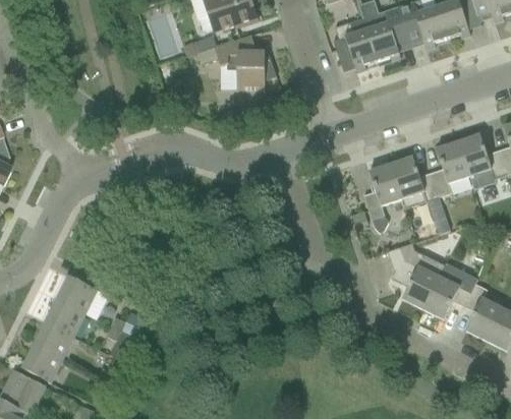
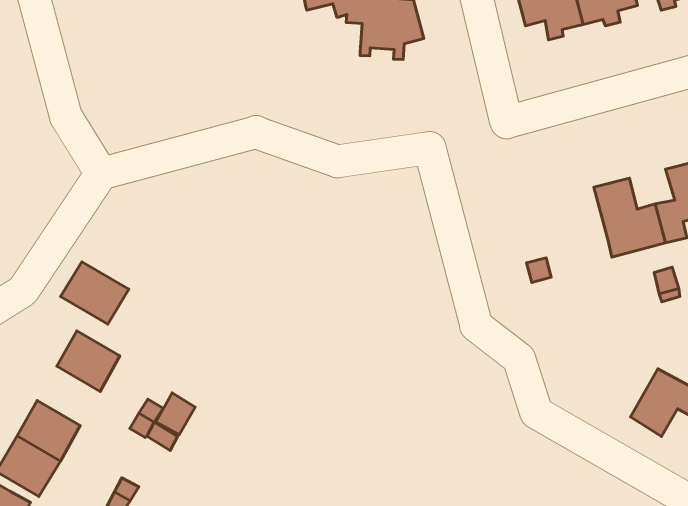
building: [363,164,402,232] -> none
building: none -> [60,262,129,324]
building: [388,242,445,308] -> none
building: [46,299,86,336] -> none

